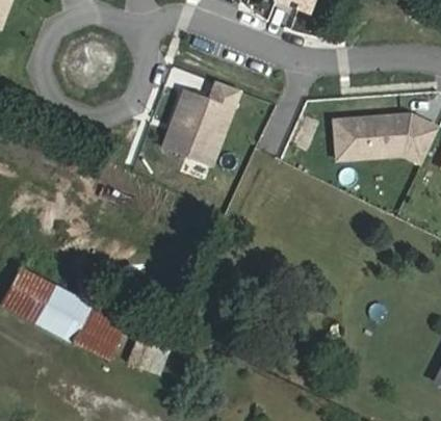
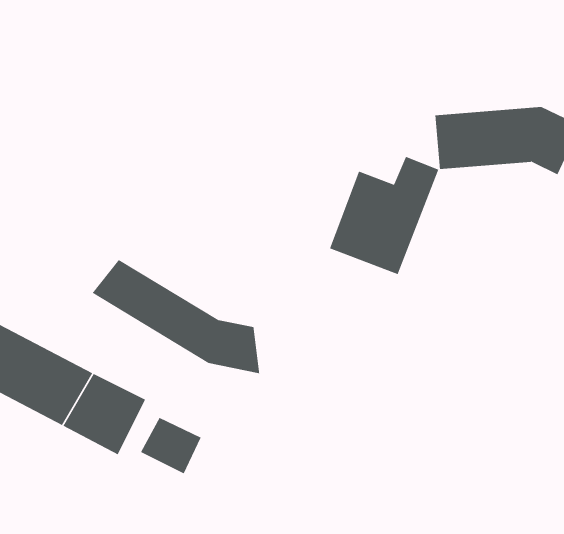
building: [162,79,240,163] -> [329,156,439,275]
building: none -> [92,259,260,374]

